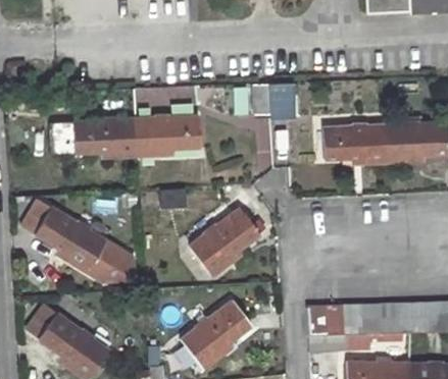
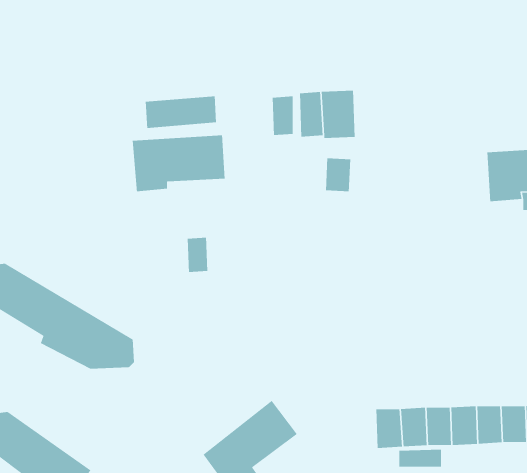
building: [57,118,138,156] -> none
building: [325,126,388,163] -> none
building: [191,209,257,275] -> none

